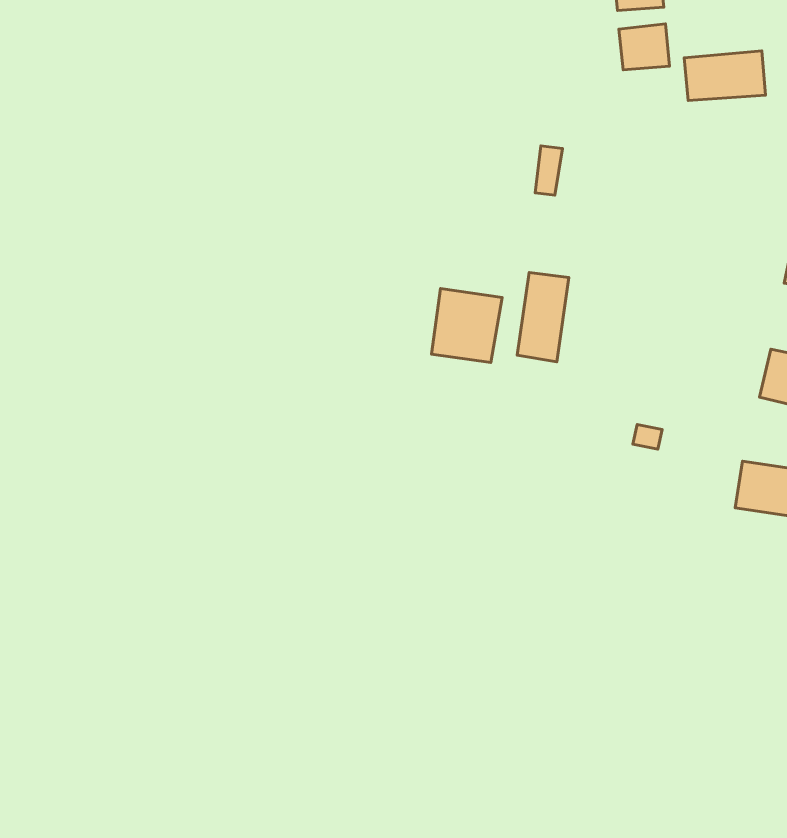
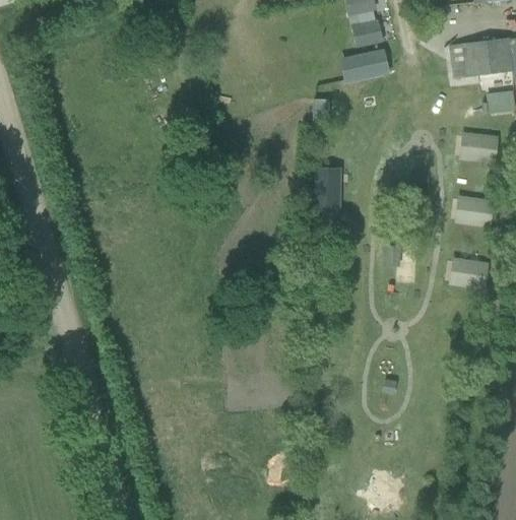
building: [684,51,766,101] -> [339,47,387,79]
building: [431,289,502,362] -> none

